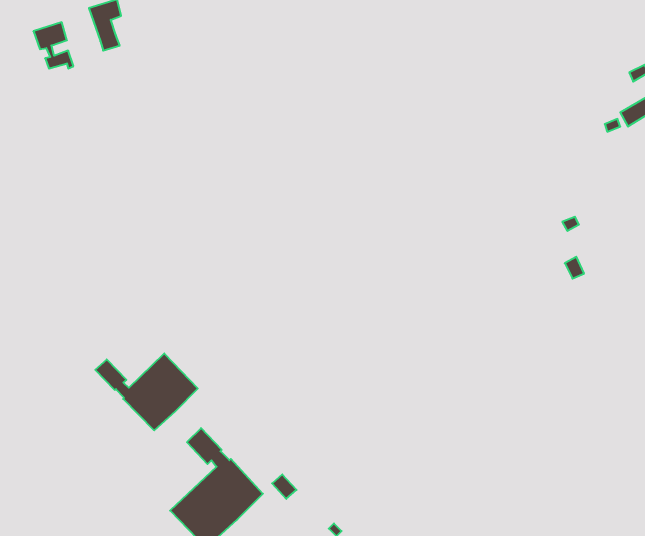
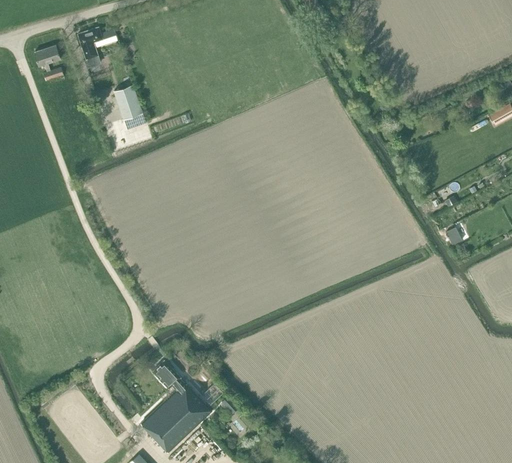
building: none -> [113,84,143,120]
building: [95,353,198,430] -> none

